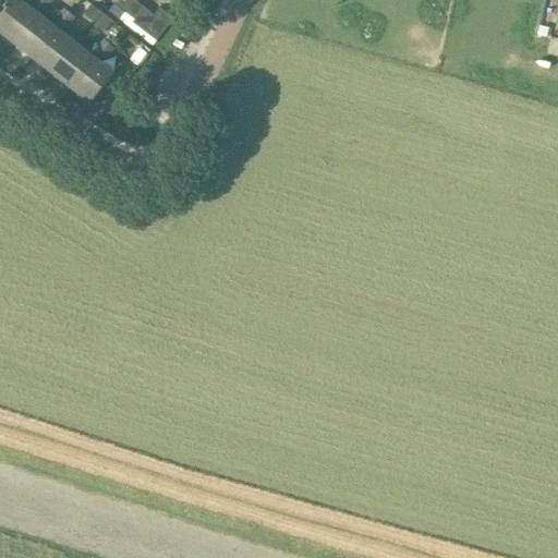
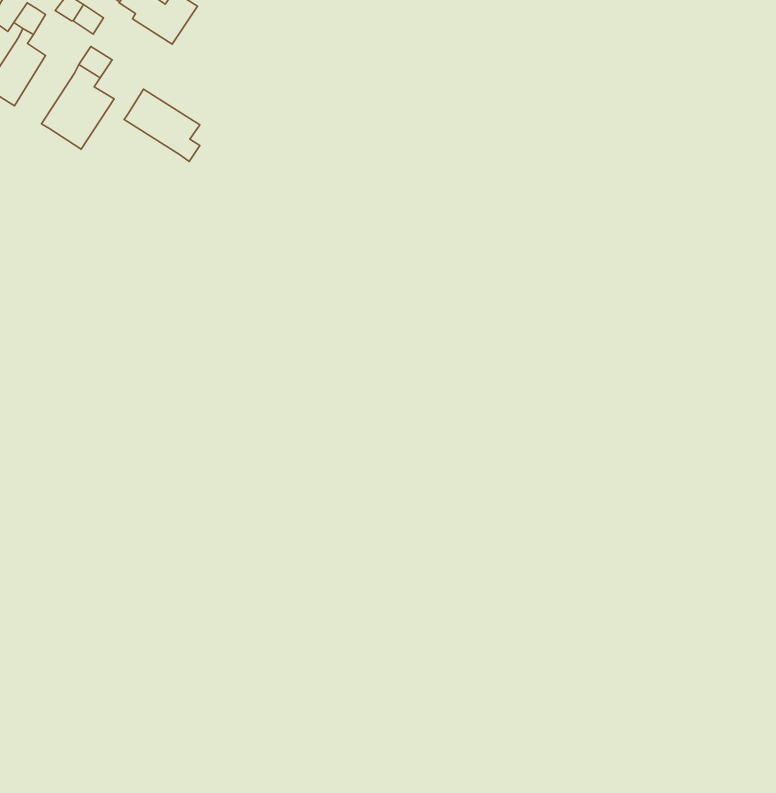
building: [49,38,89,82] -> none
building: none -> [124,89,200,162]

